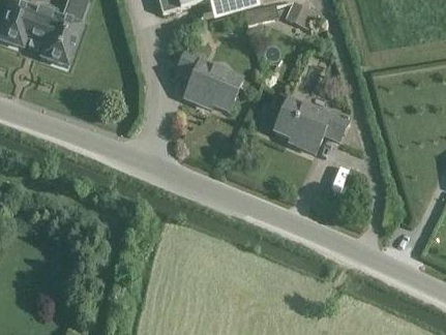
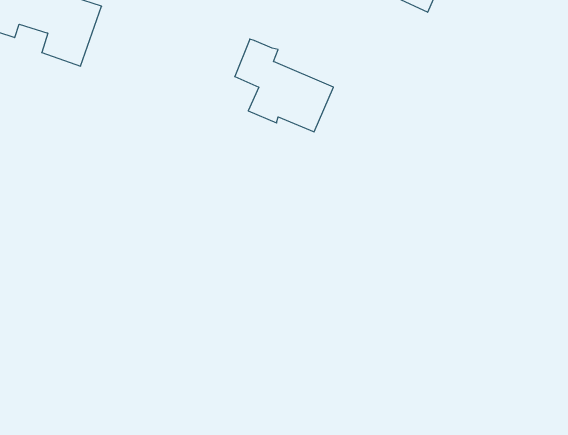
building: [274,97,352,151] -> none

